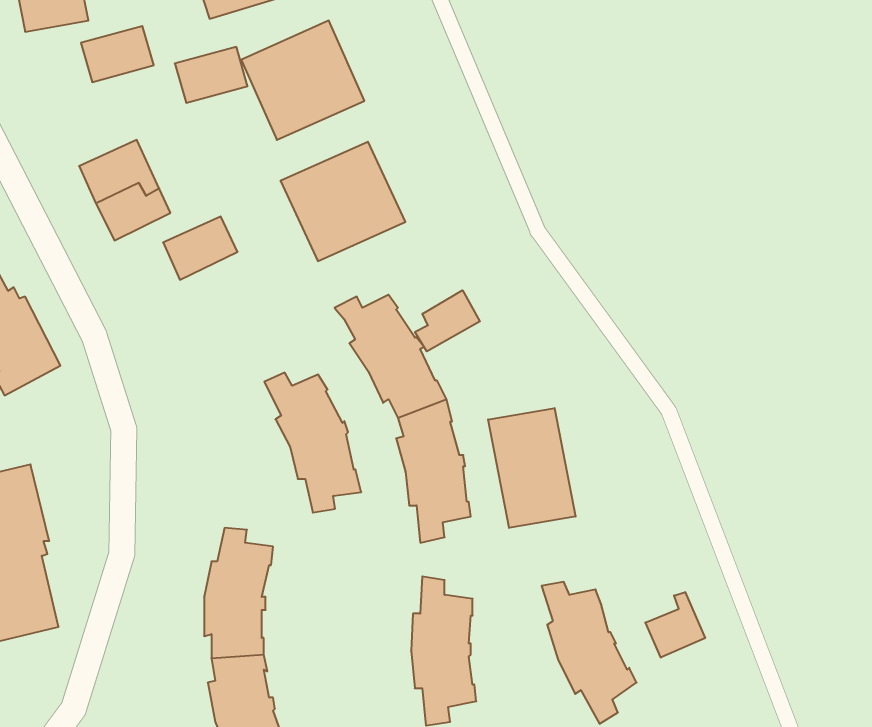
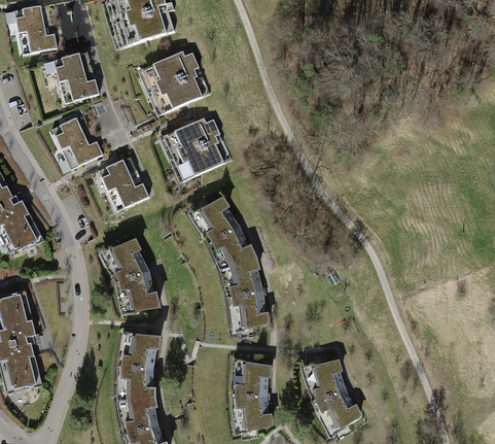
building: [175,47,248,103] -> [59,72,99,103]
building: none -> [107,175,148,210]
building: [415,290,480,351] -> none
building: [264,373,361,513] -> [104,240,157,317]
building: [488,408,576,528] -> none
building: [645,592,705,658] -> none

